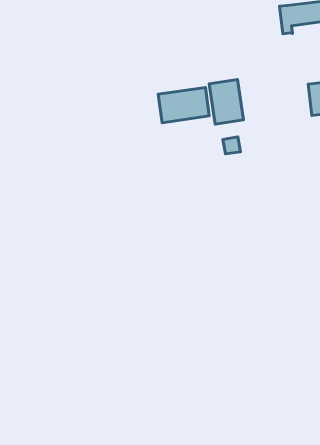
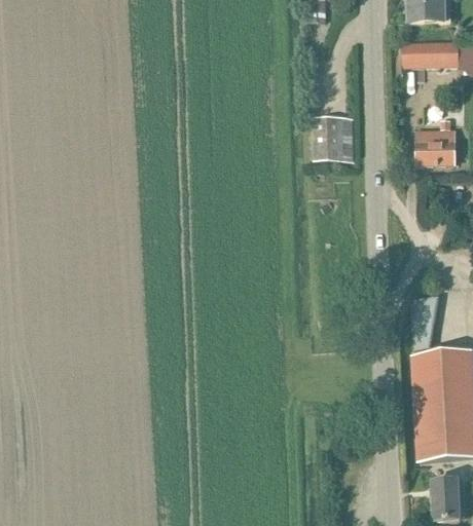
building: [158,87,209,123] -> none

